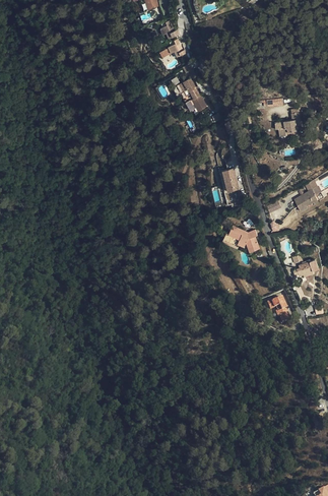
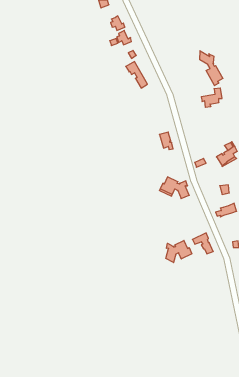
building: none -> [200,51,223,86]
building: none -> [166,240,192,263]

